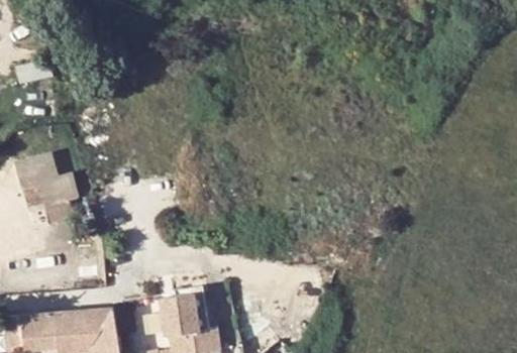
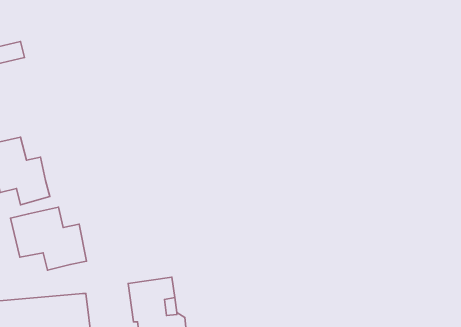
building: none -> [11,207,87,270]

